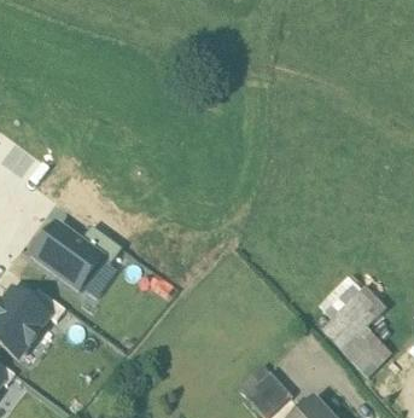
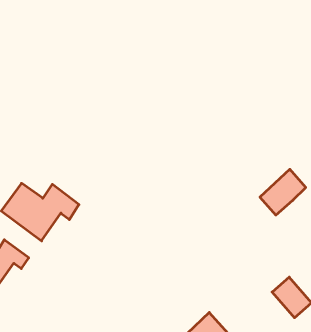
building: [322,295,374,347] -> [260,169,306,215]

